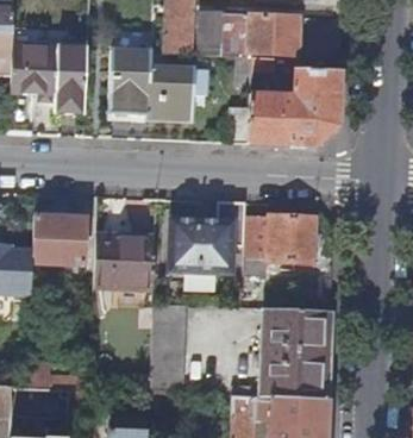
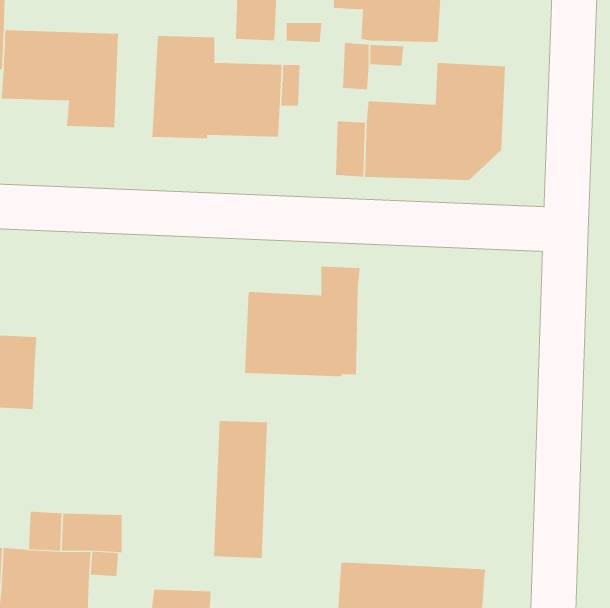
building: [32,214,86,271] -> none
building: [243,215,314,276] -> none
building: [93,234,155,290] -> none
building: [259,307,331,400] -> none

